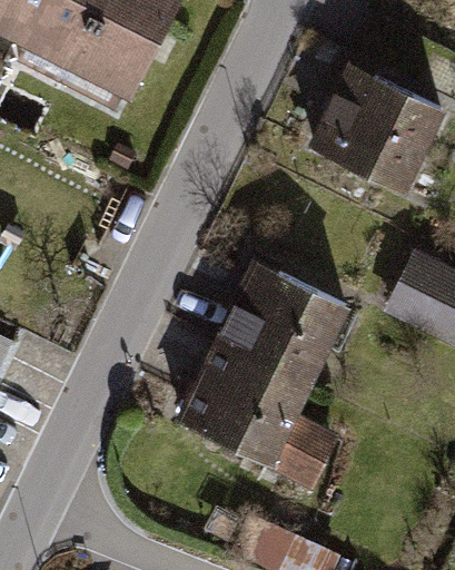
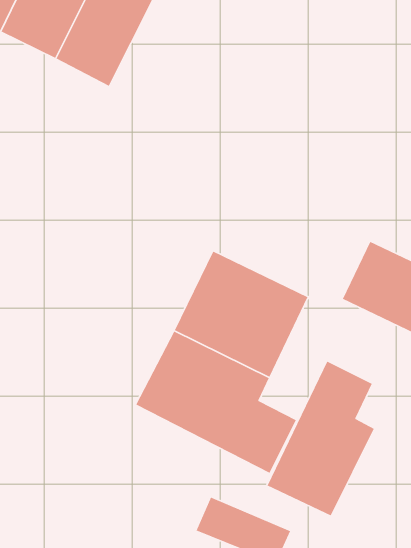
building: [305,61,444,189] -> none
building: none -> [266,361,375,516]

